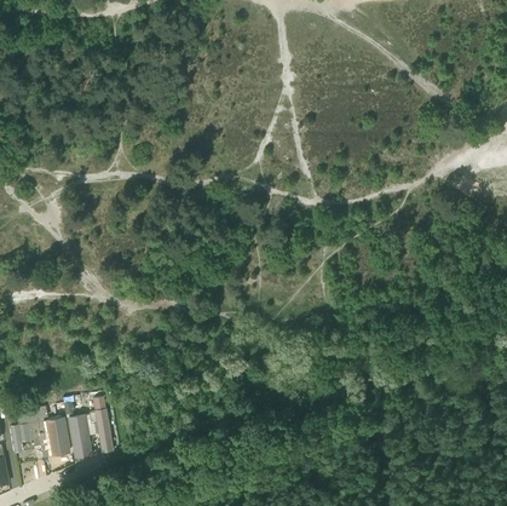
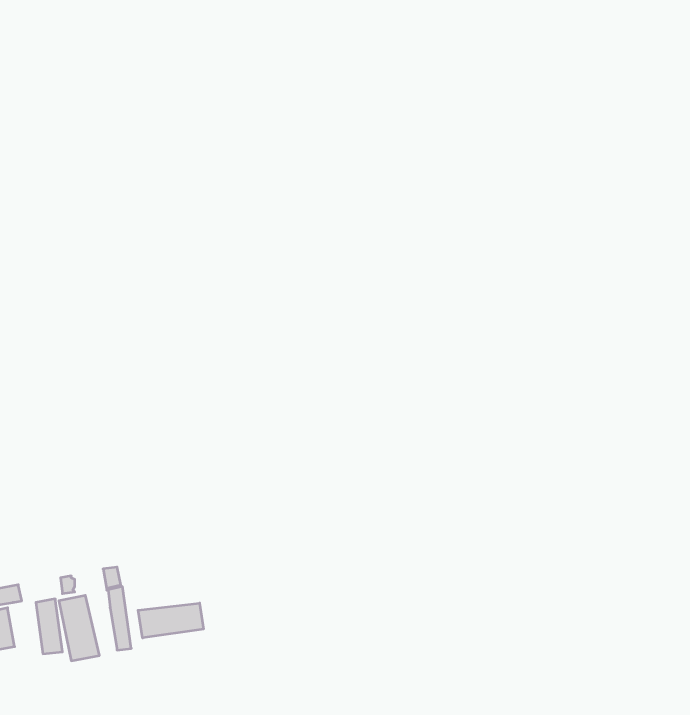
building: none -> [138,603,203,638]

